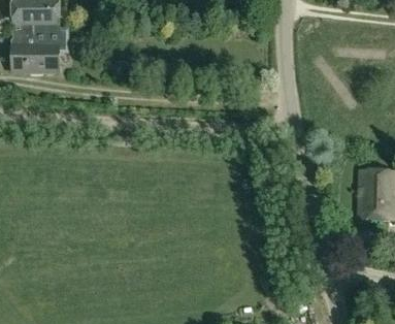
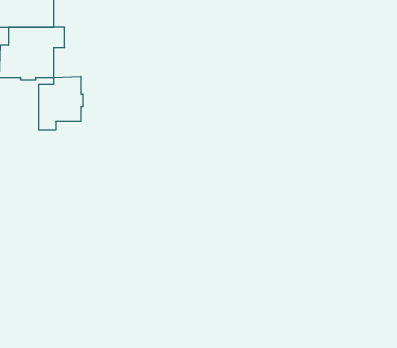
building: none -> [39,76,83,130]

